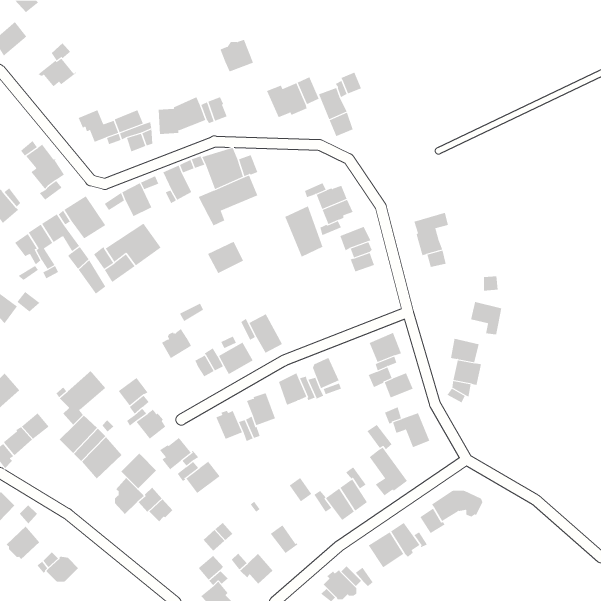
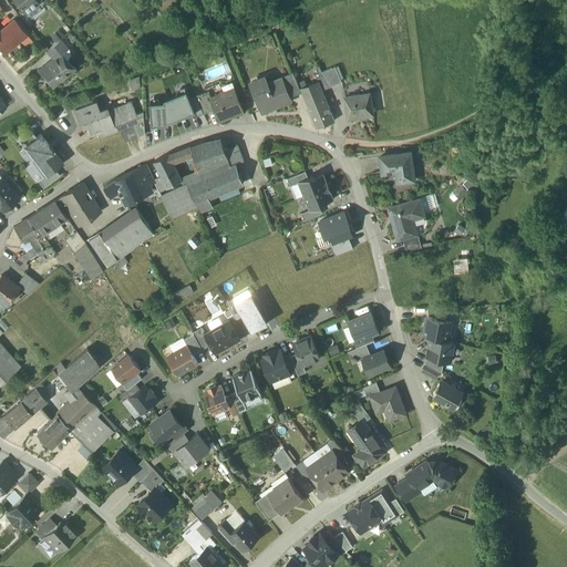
building: [220,39,254,72] -> [209,90,241,121]
building: none -> [344,95,372,121]
building: none -> [379,154,414,185]
building: [285,205,323,258] -> none
building: [207,241,244,274] -> [161,185,195,216]
building: [470,301,502,335] -> none
building: [161,328,192,359] -> [167,347,196,375]
building: none -> [432,383,461,409]
building: none -> [35,414,69,447]
building: [120,453,157,489] -> [136,487,171,522]
building: none -> [266,478,301,513]

